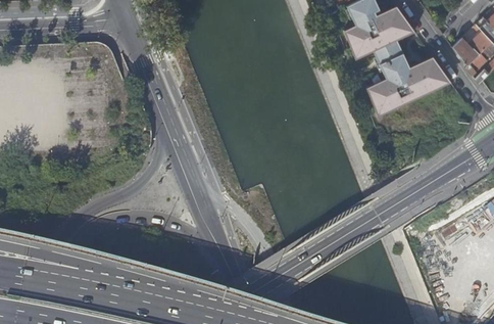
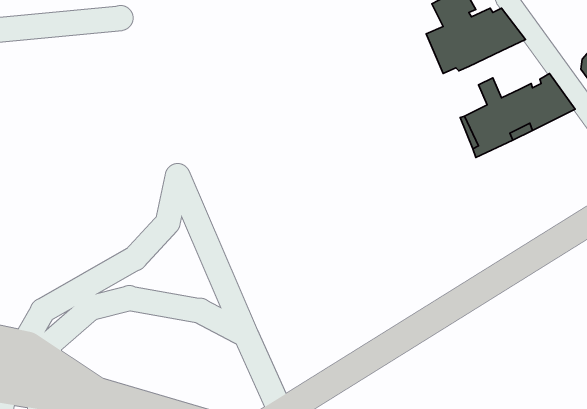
building: [375,37,411,71] -> none

